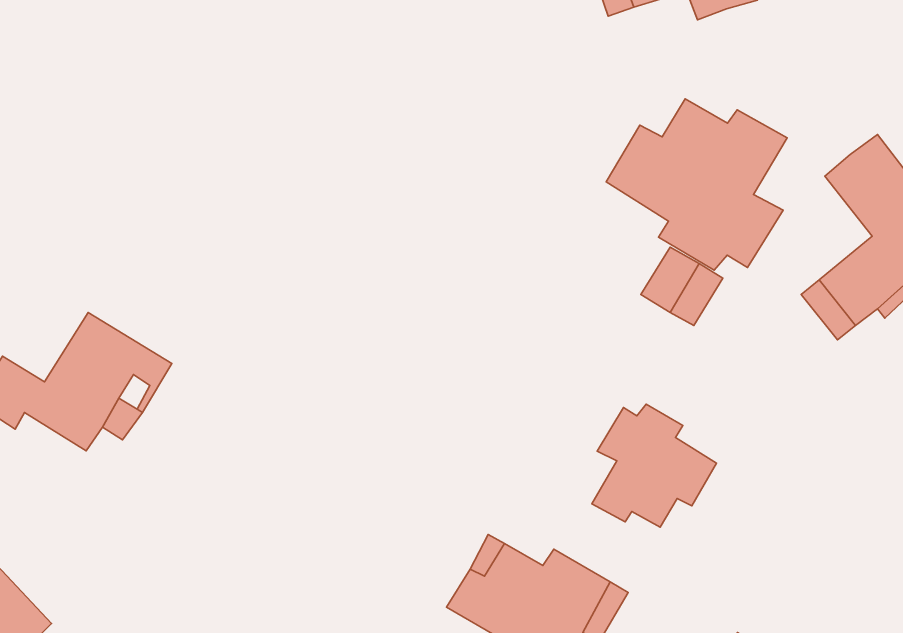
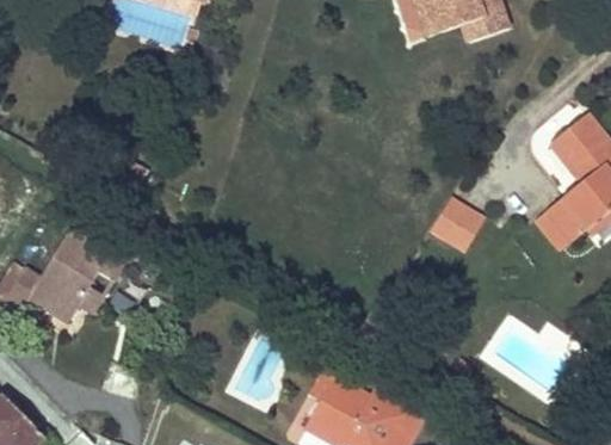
building: [606,99,787,270] -> none
building: [592,404,717,527] -> none

